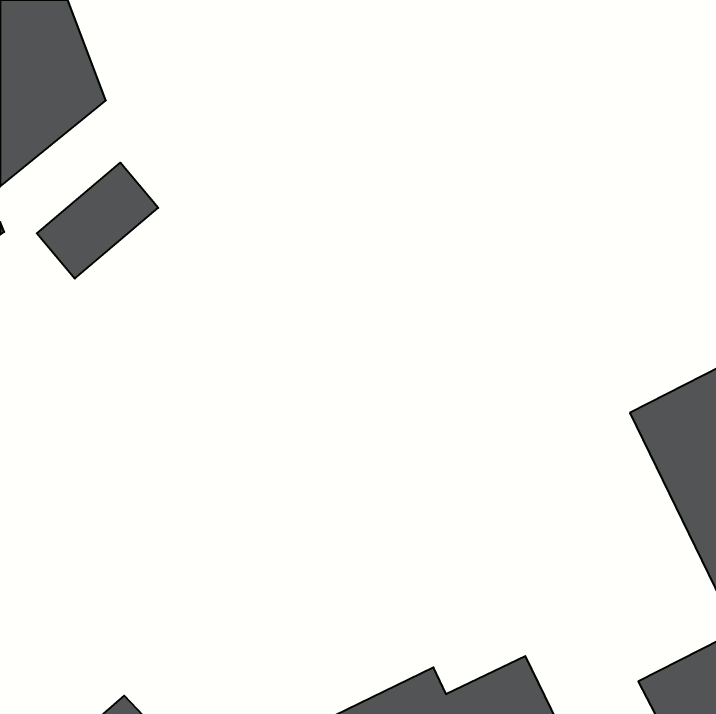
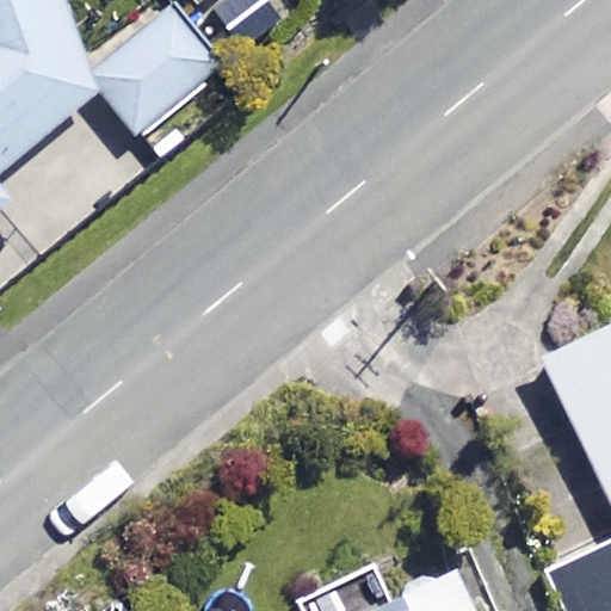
building: none -> [94,14,227,146]

